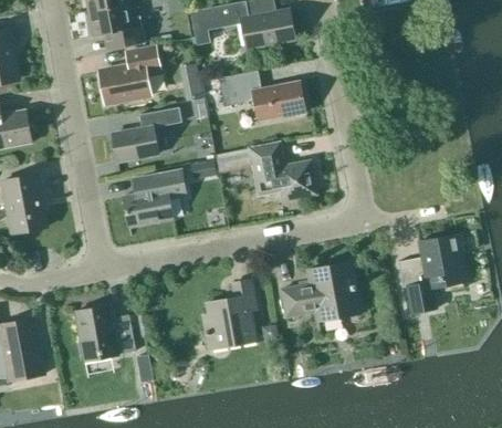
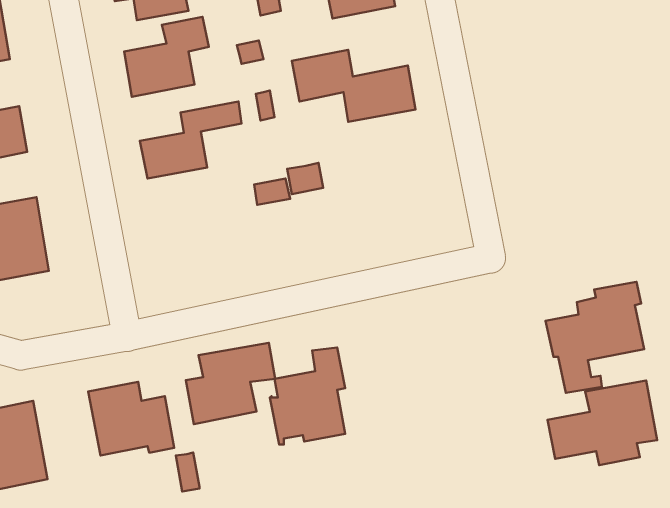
building: [249,142,316,200] -> none
building: [123,169,186,227] -> [186,343,275,424]
building: [281,261,358,321] -> [547,381,657,465]

